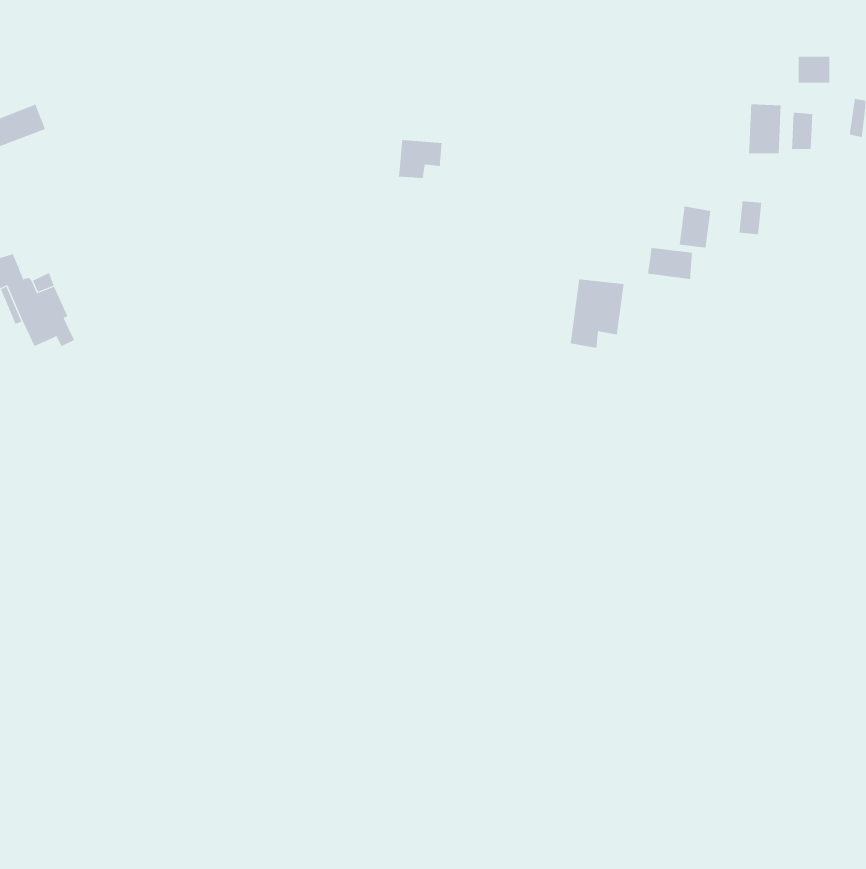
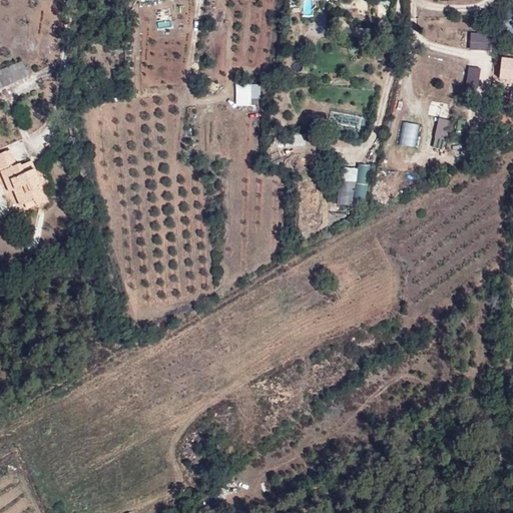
building: [749,103,781,154] -> none
building: [647,247,693,280] -> none

